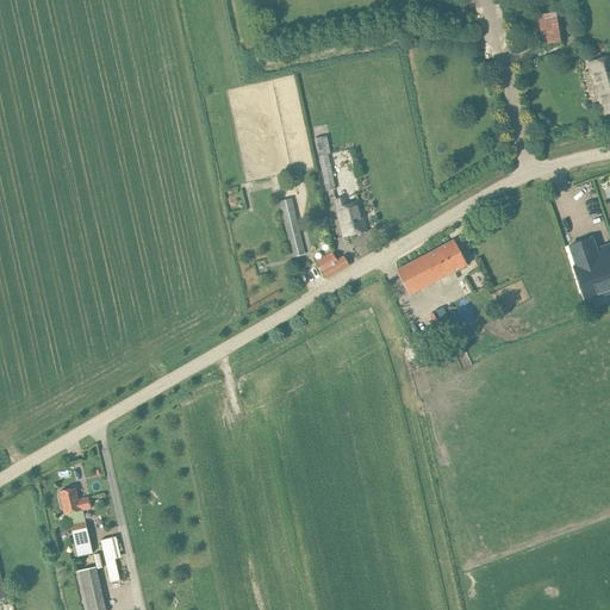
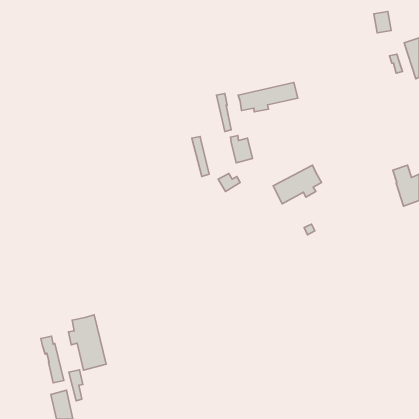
building: none -> [238,83,298,112]
building: none -> [69,315,106,370]

